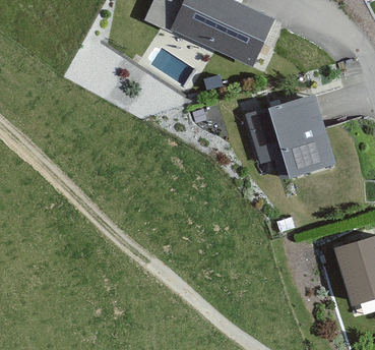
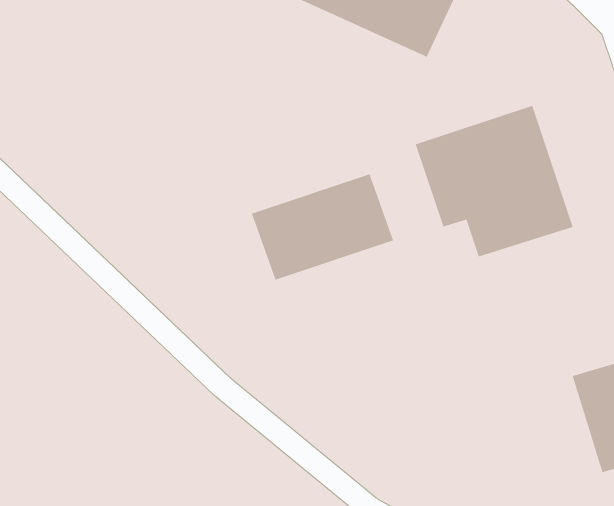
building: none -> [251,174,394,280]

